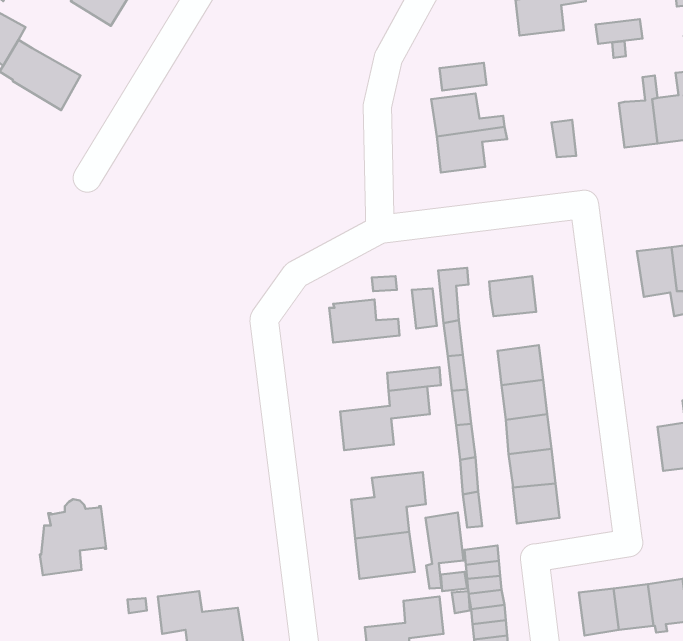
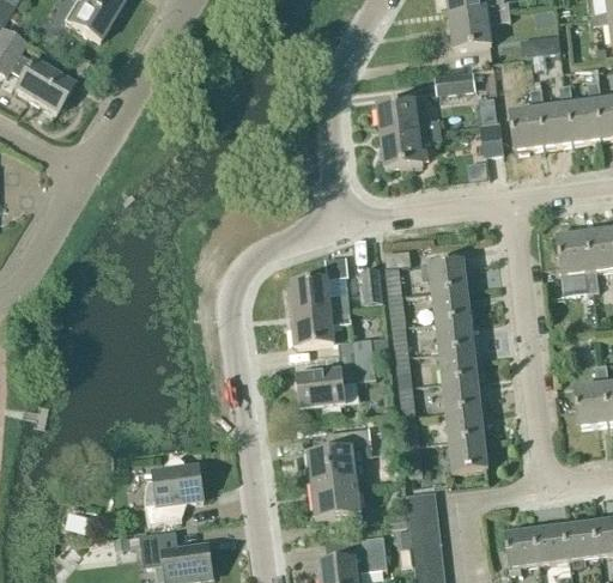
building: [440,63,486,90] -> [433,69,474,93]
building: none -> [509,86,544,150]
building: none -> [430,287,469,321]
building: none -> [291,308,351,345]
building: [40,499,106,575] -> [145,456,202,522]
building: [425,513,464,589] -> none

